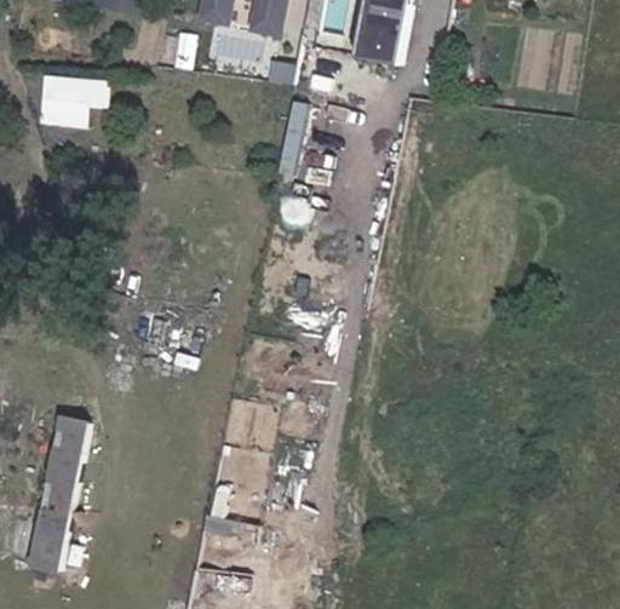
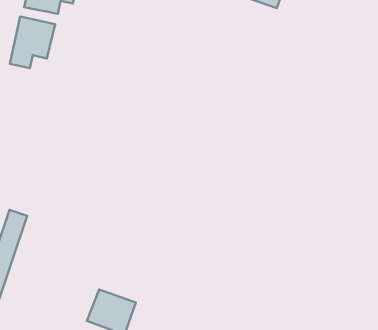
building: none -> [10,16,55,68]

